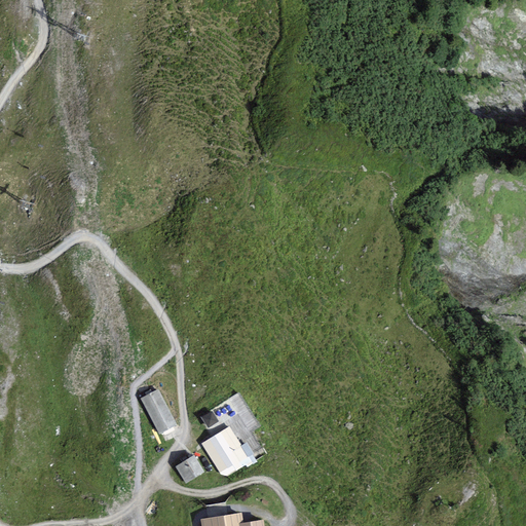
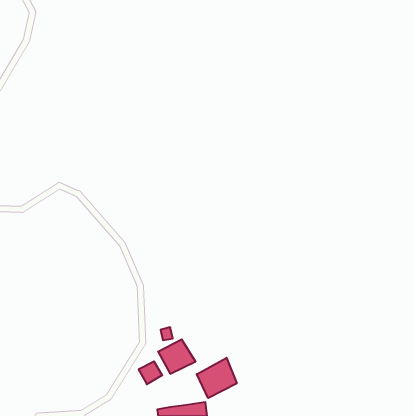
building: [141,390,177,434] -> none
building: none -> [197,358,237,398]

